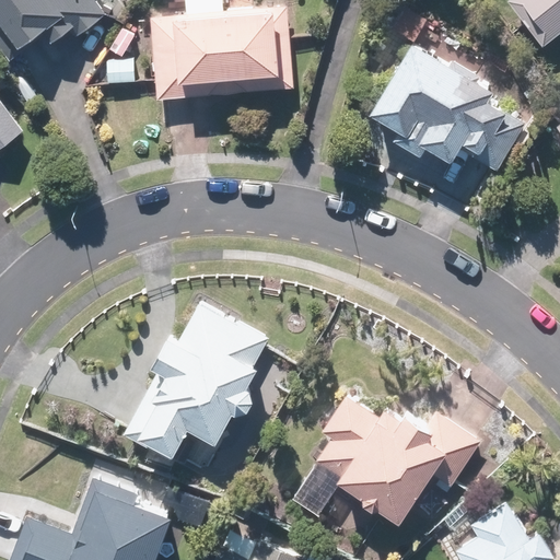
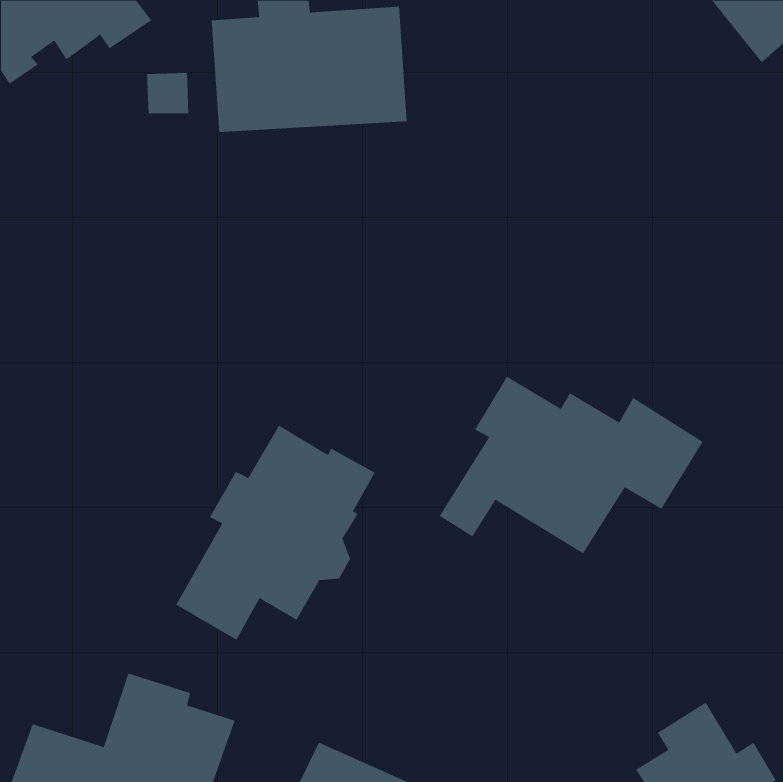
building: [370,44,524,172] -> none
building: [294,395,482,522] -> [439,376,703,554]

